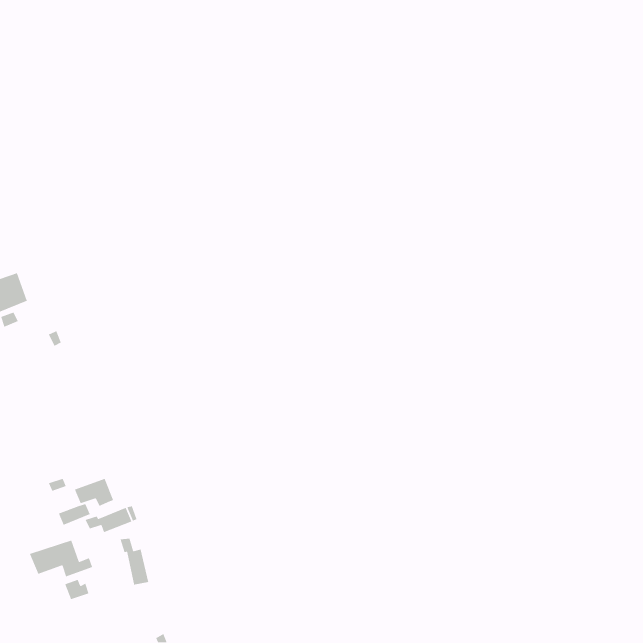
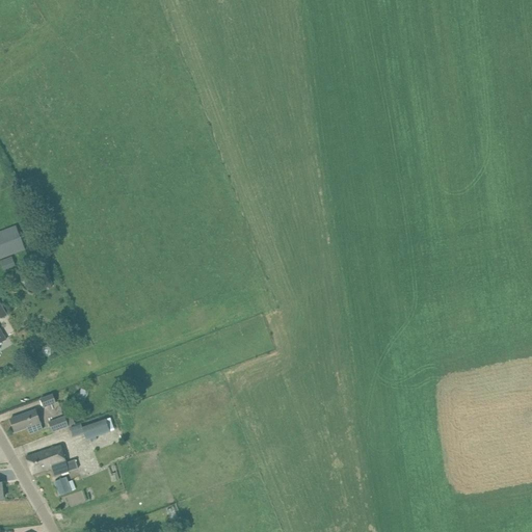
building: [74,478,114,507] -> [8,409,42,433]
building: [119,538,149,585] -> none

